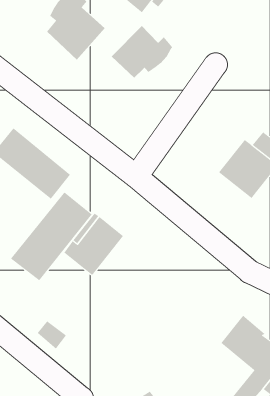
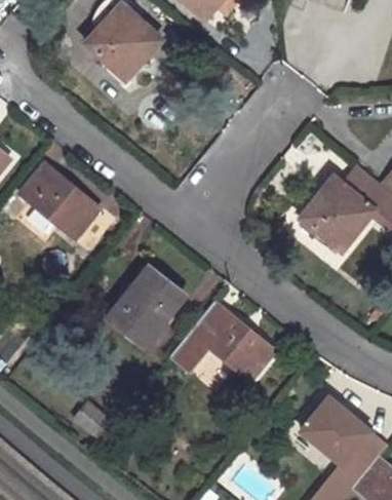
building: [111,25,173,78] -> none
building: [10,191,92,281] -> none
building: none -> [169,301,275,382]

